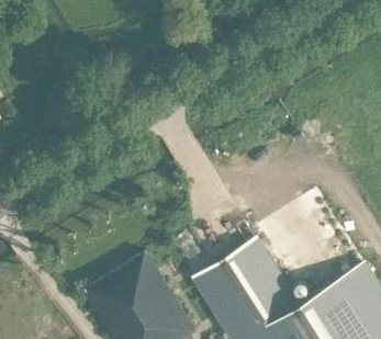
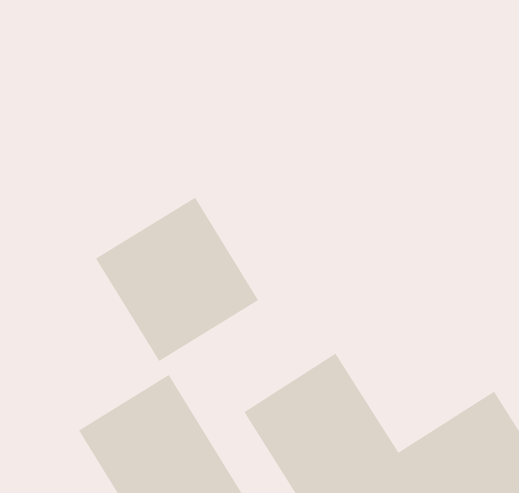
building: none -> [95,197,259,362]

